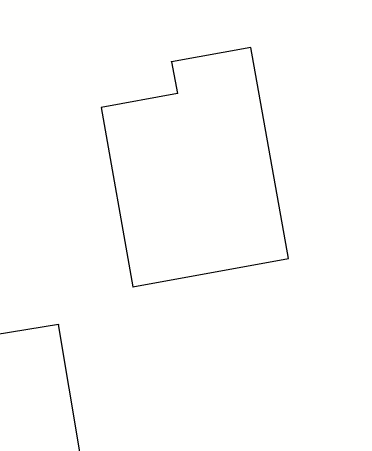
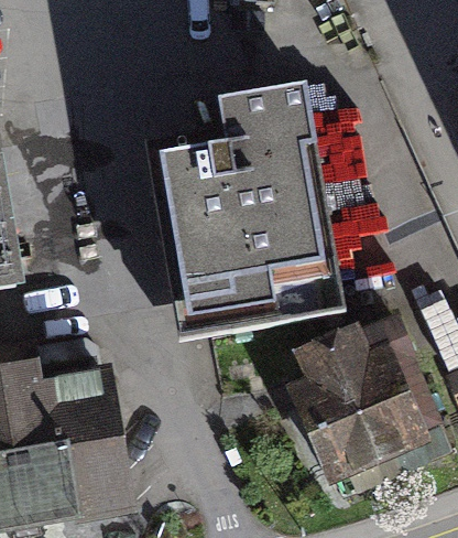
building: none -> [292,342,422,477]

